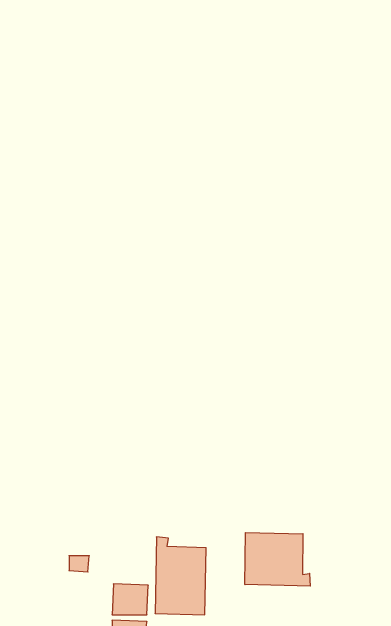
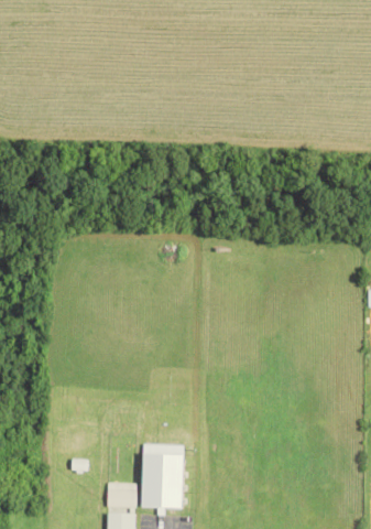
building: [245,533,310,586] -> none

